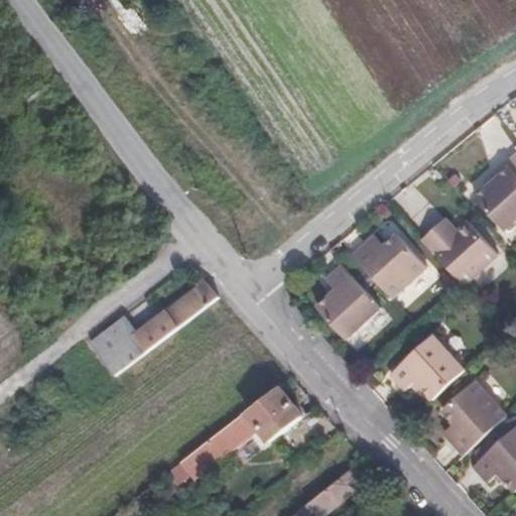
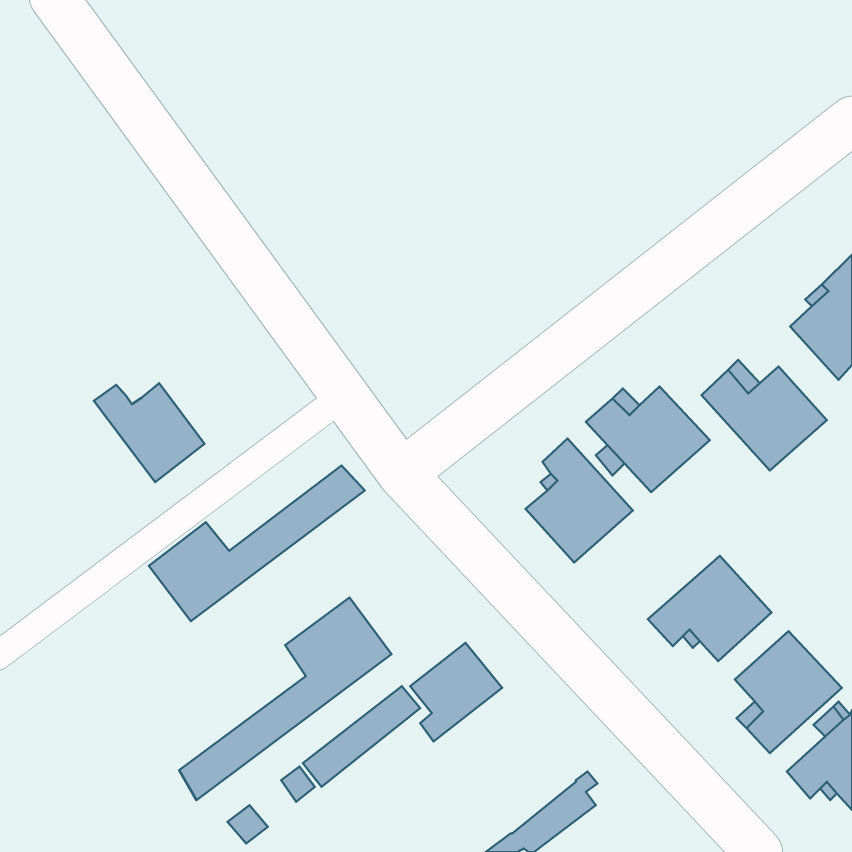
building: none -> [94,383,205,482]
building: none -> [179,597,392,800]

